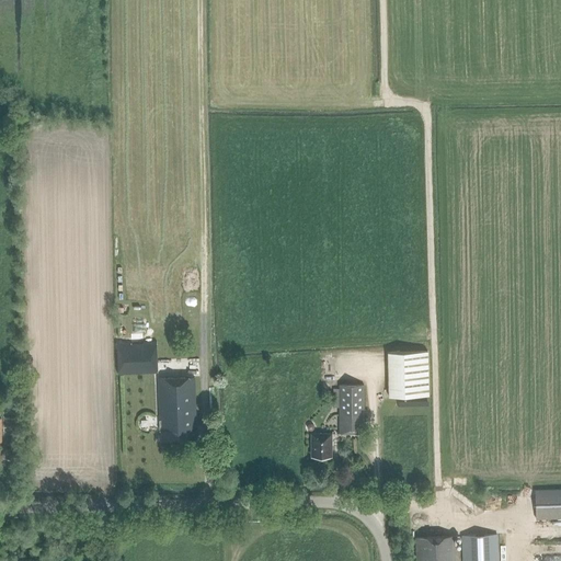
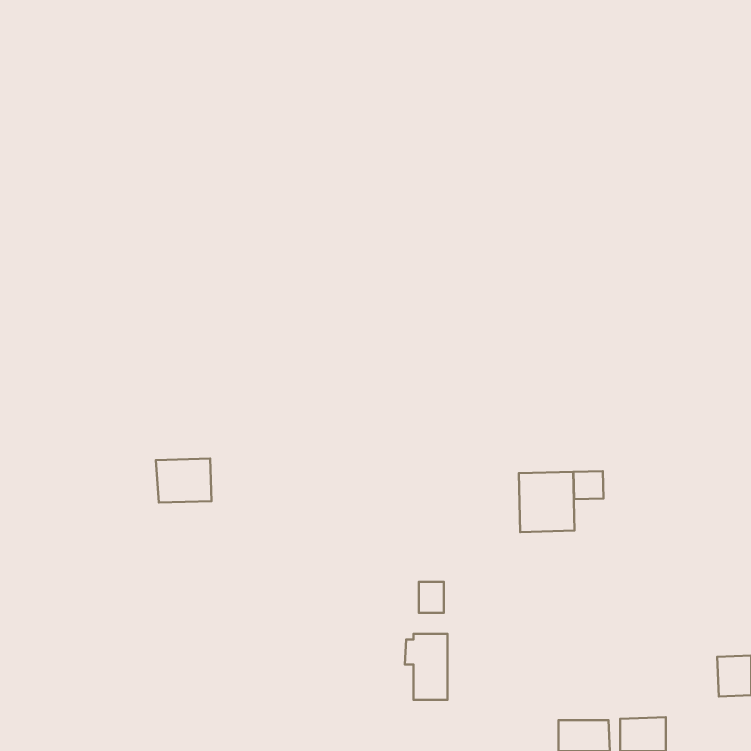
building: none -> [574,471,604,499]
building: [159,378,197,442] -> none
building: [332,385,364,434] -> [405,634,447,700]

